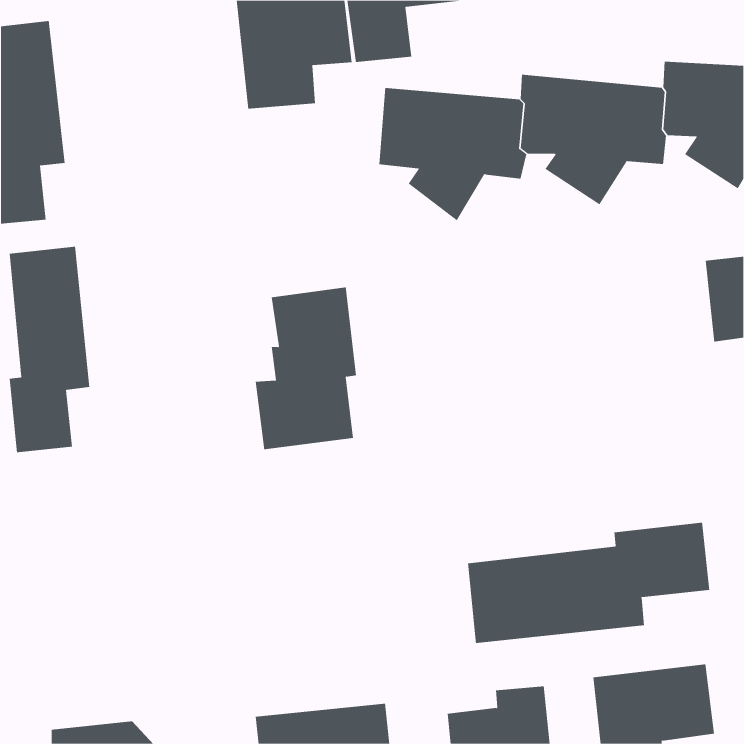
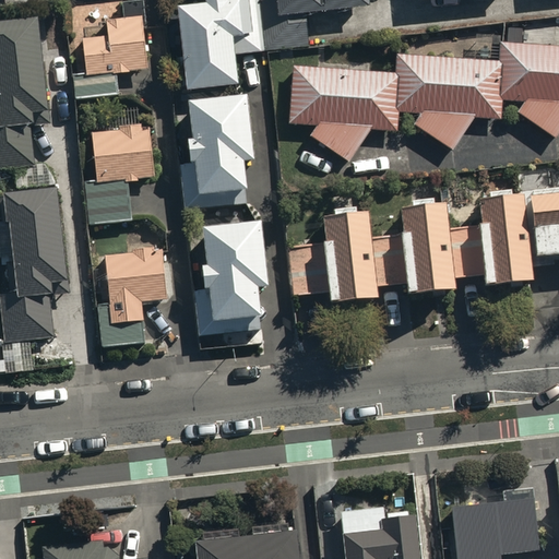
building: none -> [73,15,147,98]
building: none -> [178,92,253,209]
building: none -> [85,123,154,224]
building: none -> [287,194,532,302]
building: none -> [97,246,167,349]
building: [467,522,710,644] -> none

